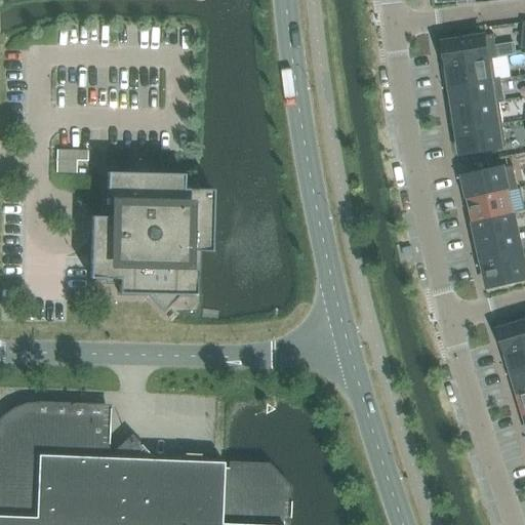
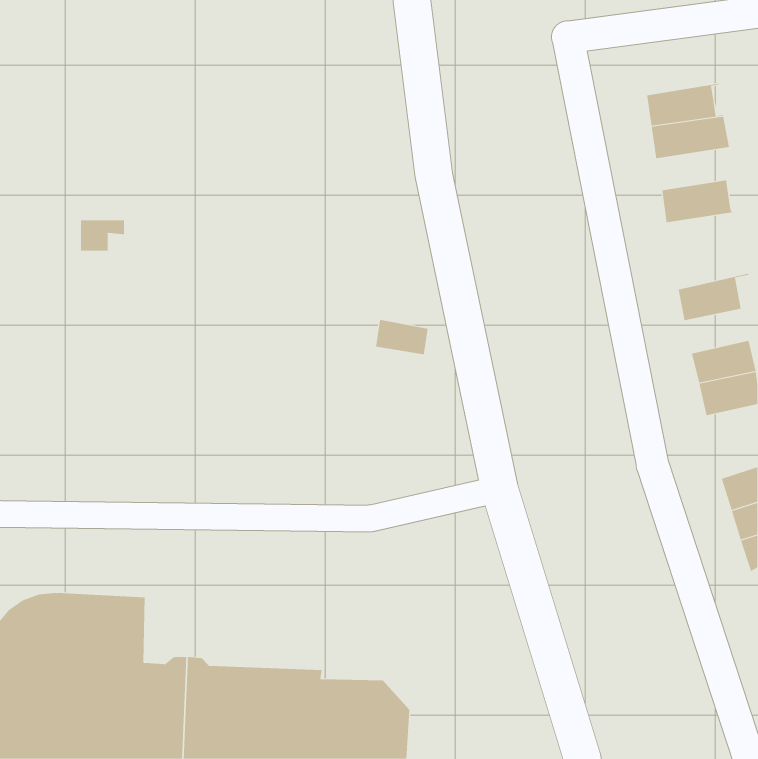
building: [442,35,496,66] -> none
building: [452,102,503,131] -> none
building: [93,159,208,311] -> none
building: [462,166,517,200] -> none
building: [472,213,517,244] -> none
building: none -> [368,317,428,355]

